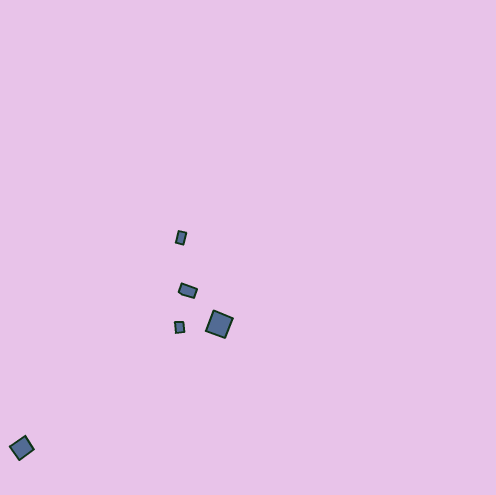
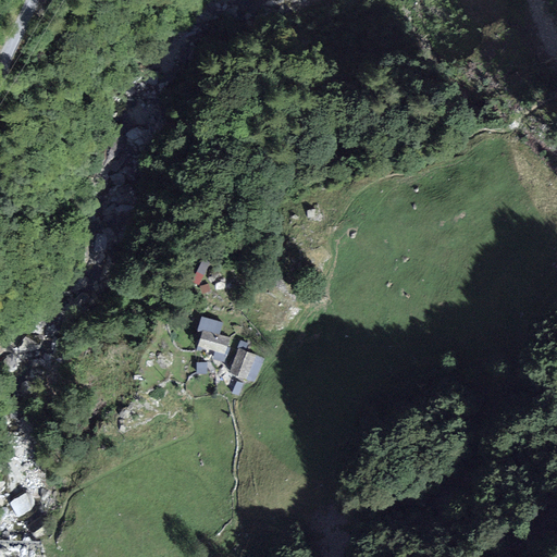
building: none -> [198,330,228,358]

